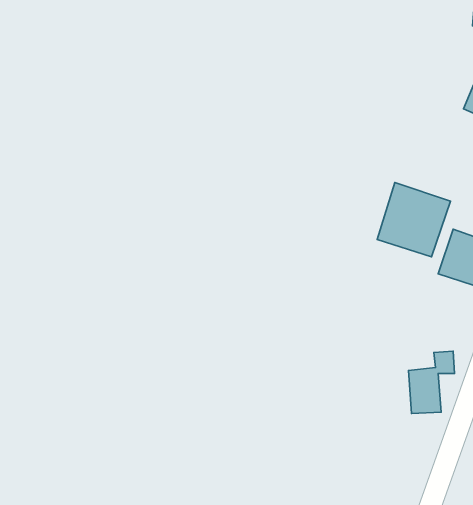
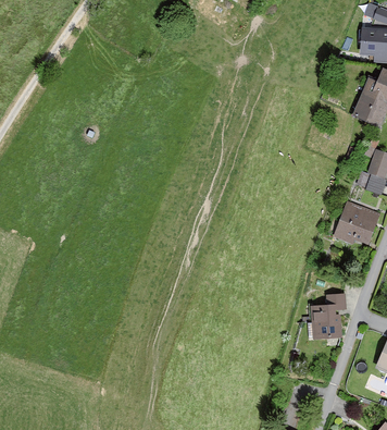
building: [377,182,451,257] -> none

